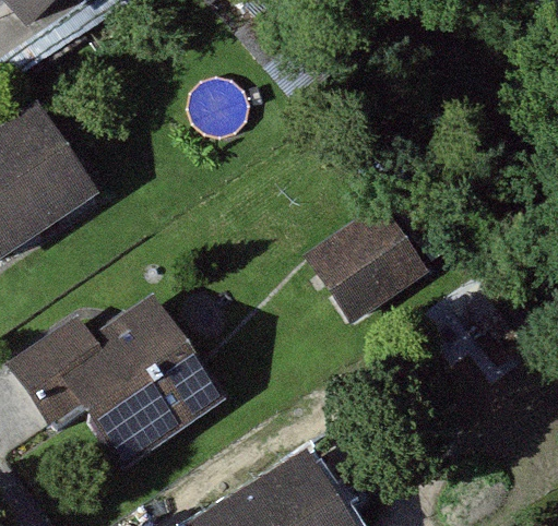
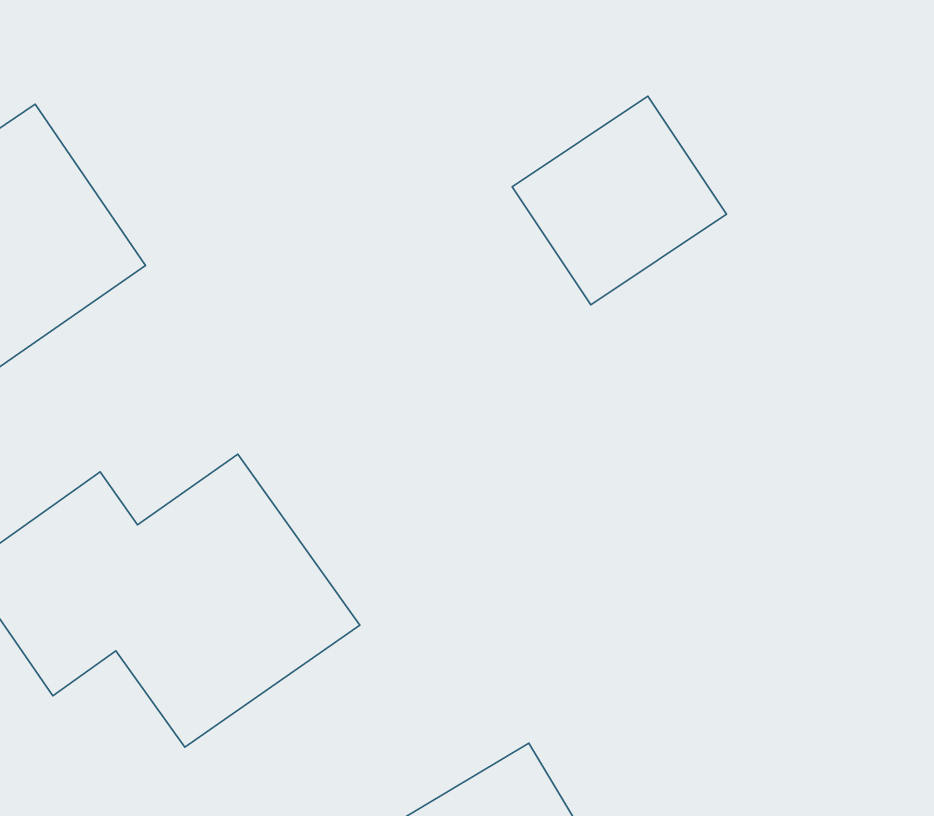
building: [306,207,425,323] -> [512,96,727,305]

